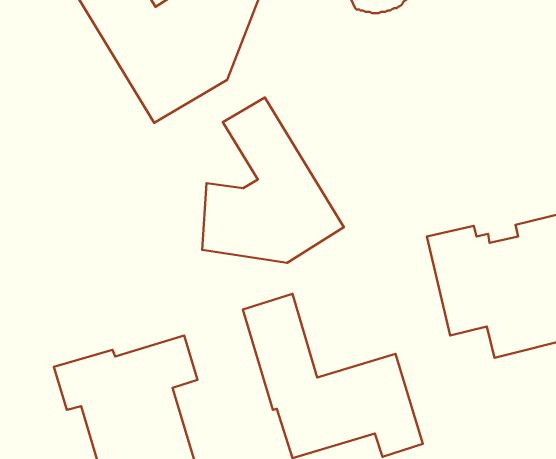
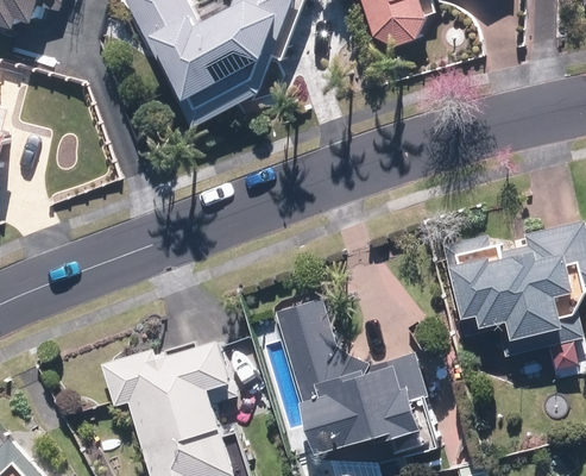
building: [202,97,344,263] -> none

